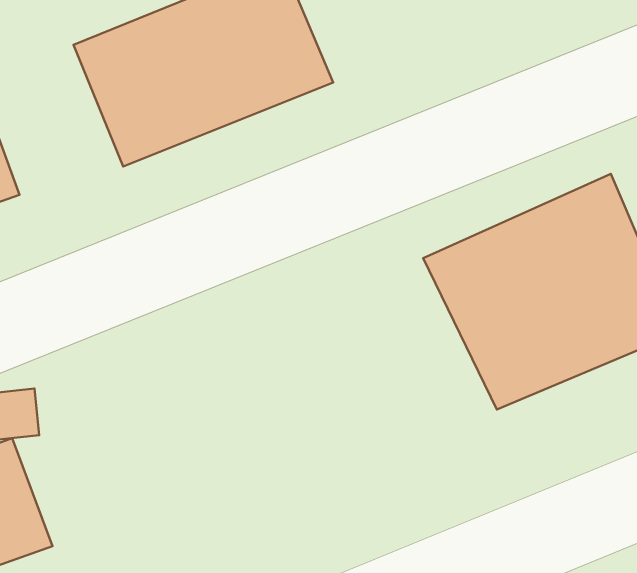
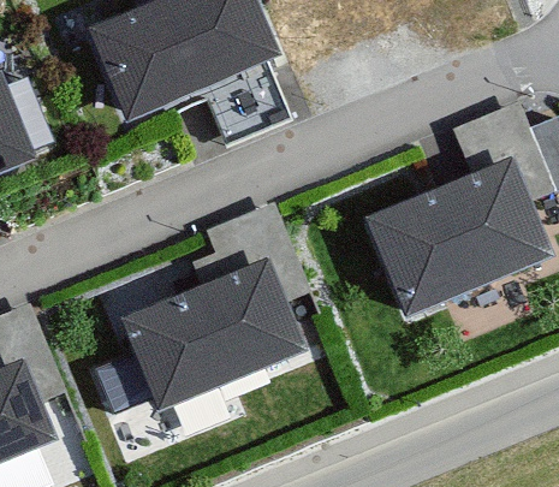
building: none -> [124,244,317,414]

